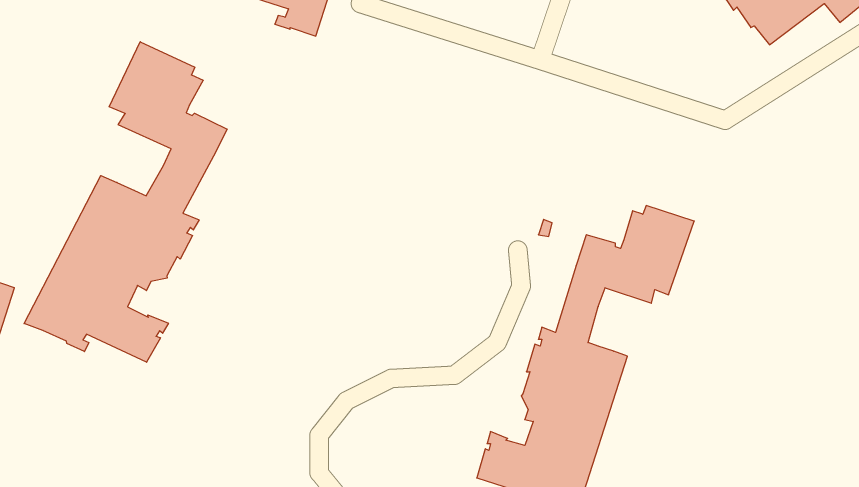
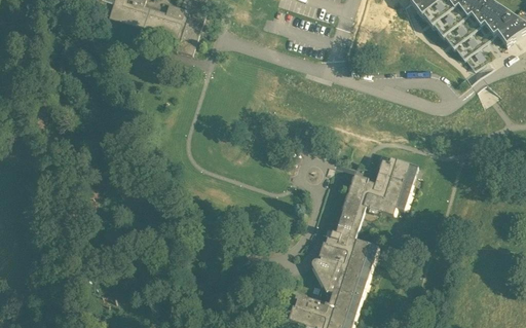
building: [24,42,227,362] -> none

